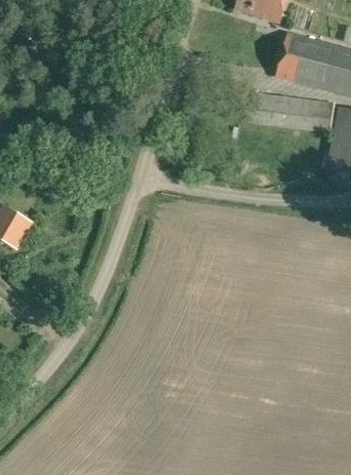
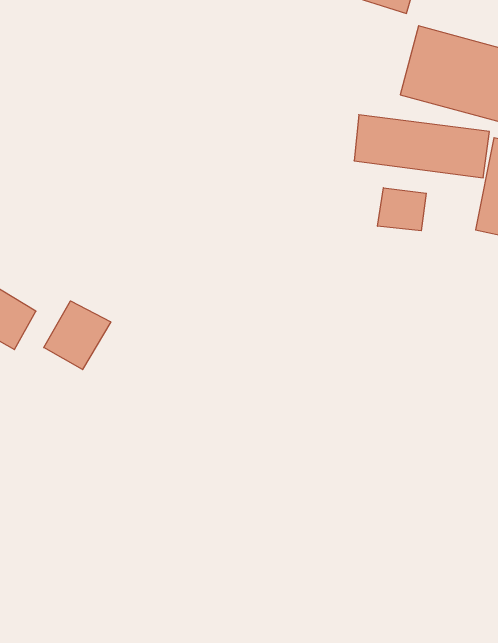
building: none -> [378,188,426,231]
building: none -> [44,301,111,370]

